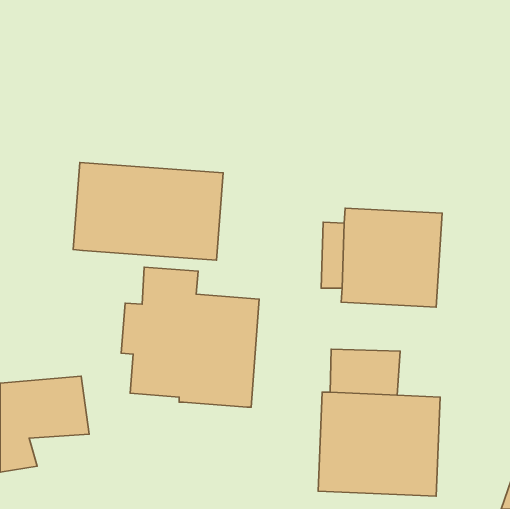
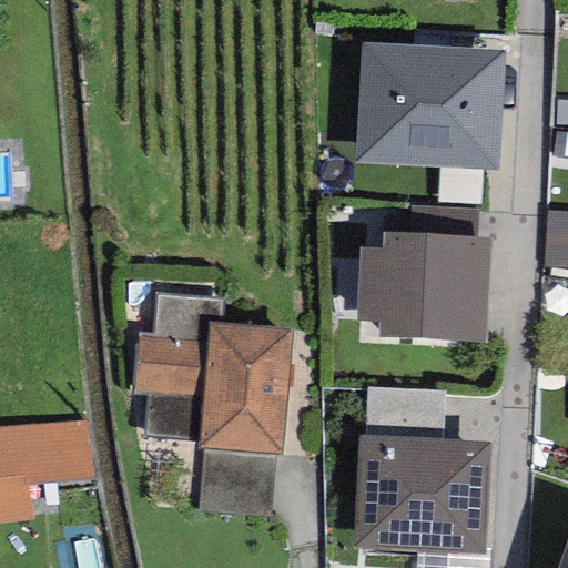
building: none -> [355,42,504,170]
building: [73,162,223,260] -> none
building: none -> [200,446,275,515]

